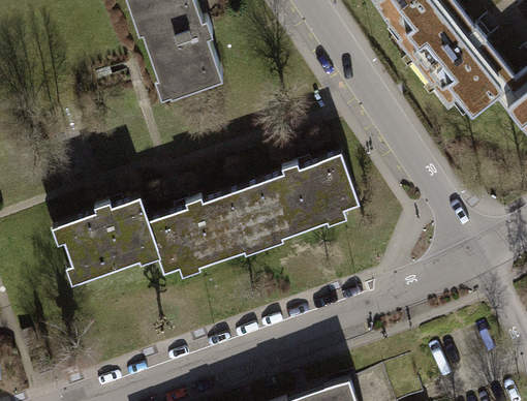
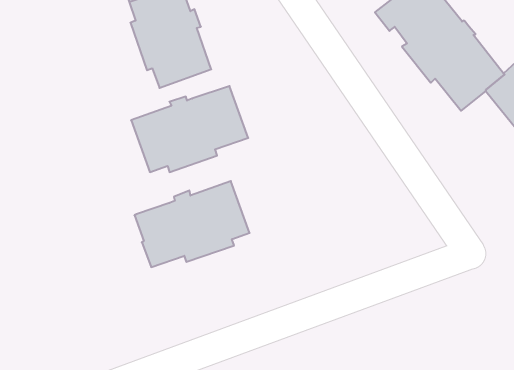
building: [242,155,359,241] -> [131,86,248,172]
building: [57,197,155,285] -> none

